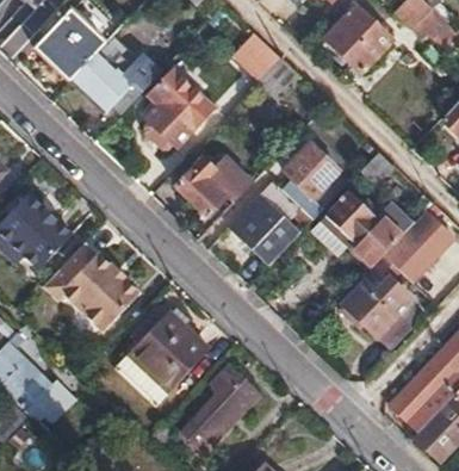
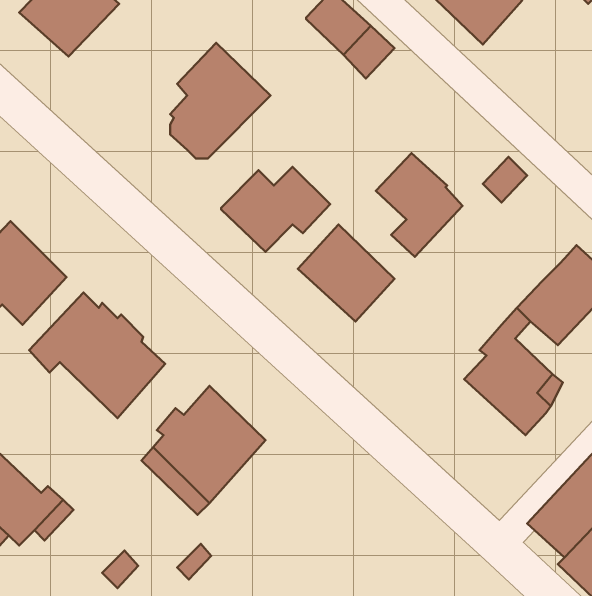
building: [73,54,160,112] -> none
building: [327,192,414,267] -> none
building: [196,367,253,436] -> none

